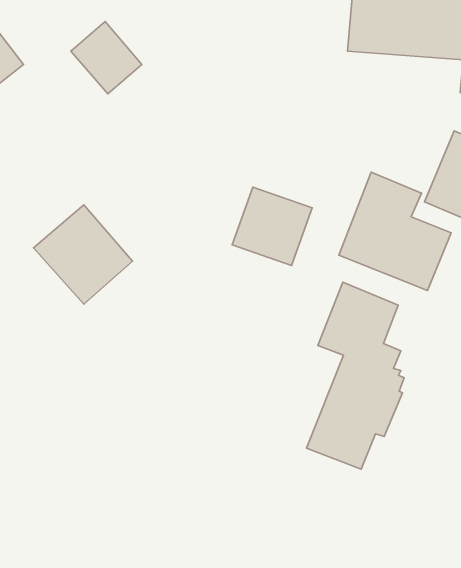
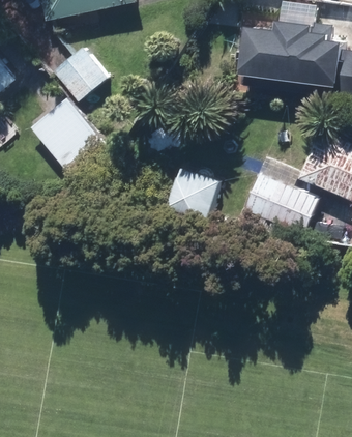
building: [34,205,133,304] -> [33,96,102,166]
building: [306,282,404,469] -> none

